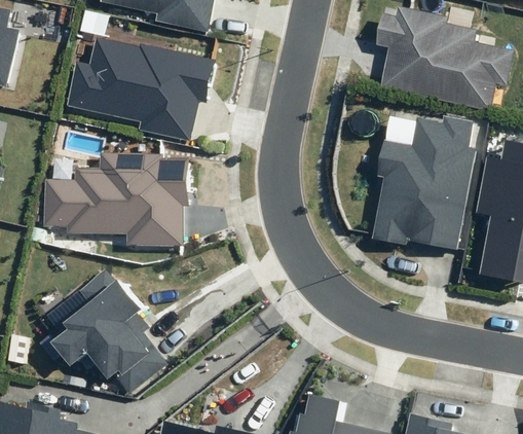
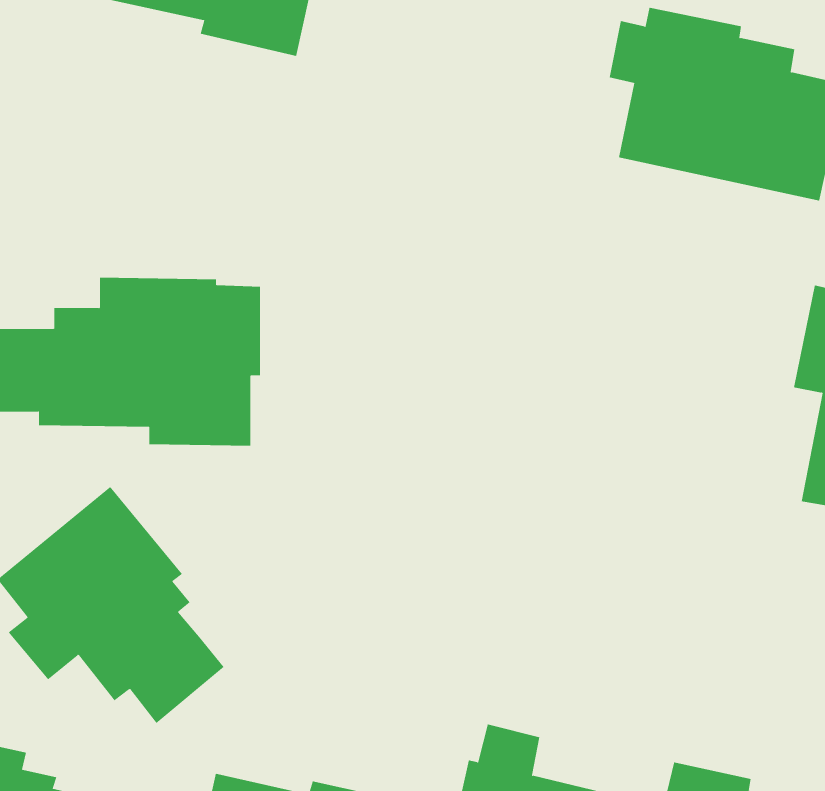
building: [66,37,217,141] -> none
building: [371,114,476,249] -> none

